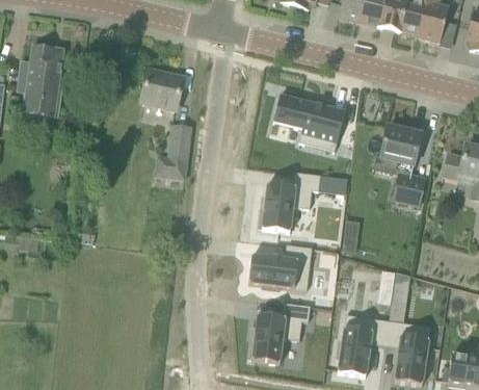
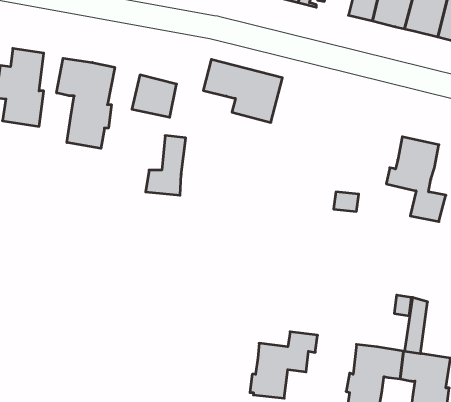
building: none -> [57,58,115,148]
building: [273,94,345,151] -> [203,59,282,122]
building: [260,172,321,232] -> none
building: [248,244,313,290] -> none

